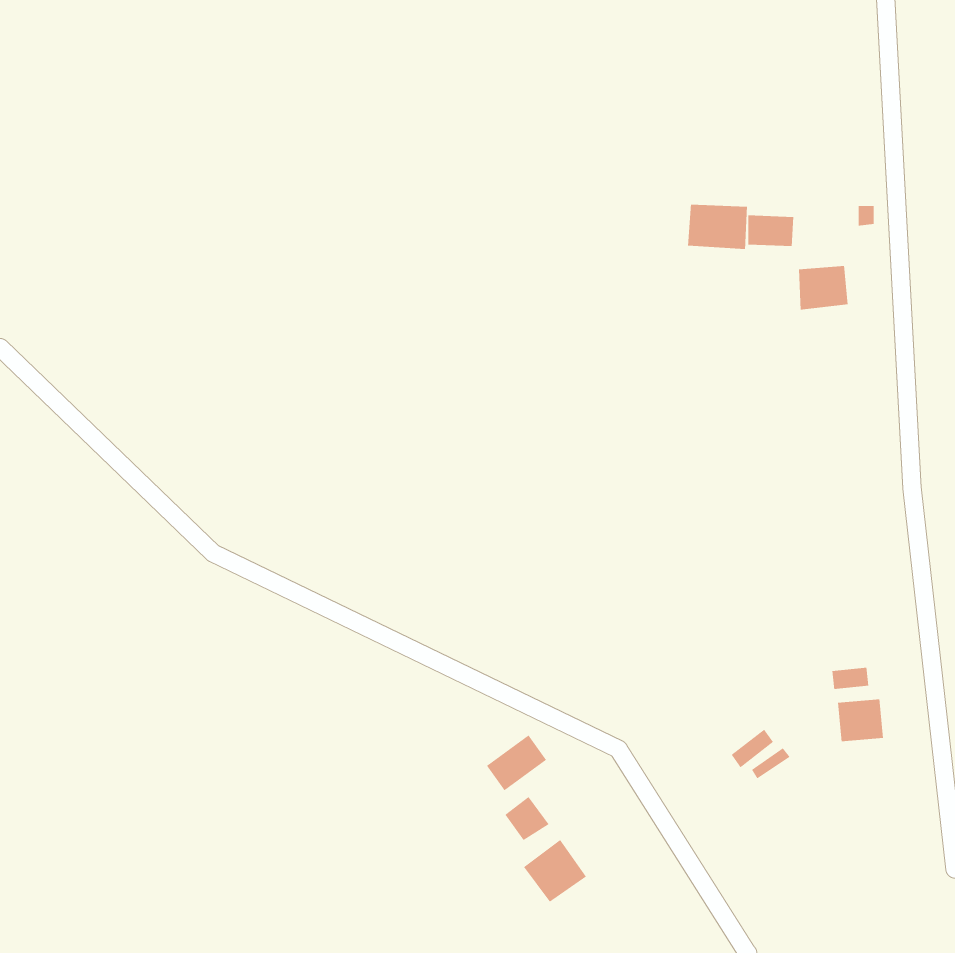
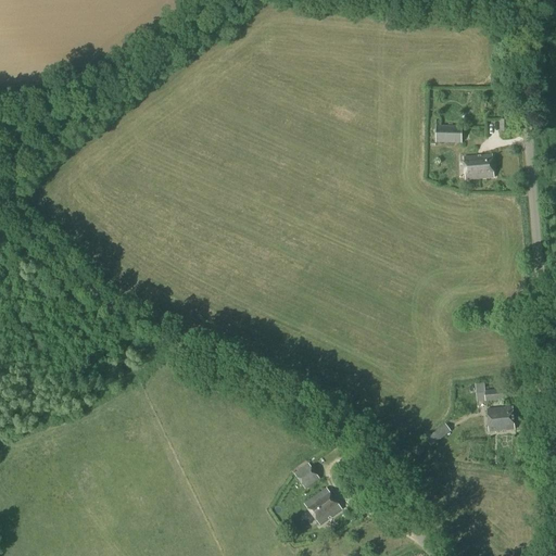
building: [688,204,747,250] -> none
building: [486,734,547,791] -> none

